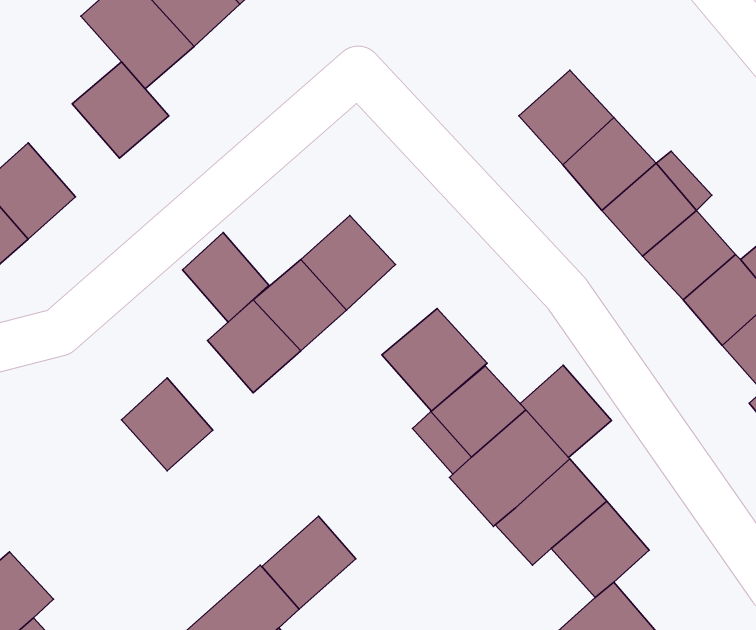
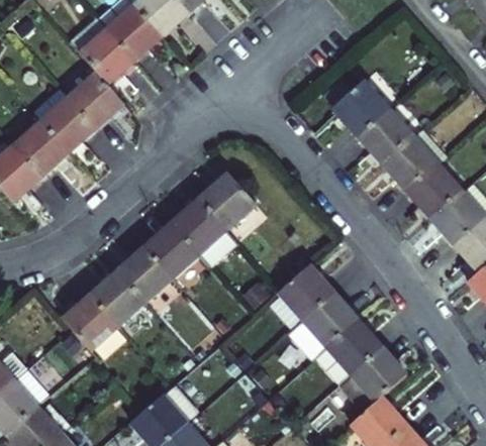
building: none -> [29,95,91,158]
building: [183,233,269,322] -> [119,244,171,298]
building: [382,309,487,411] -> none
building: [520,365,611,458] -> none
building: none -> [62,292,119,348]
building: [262,516,356,609] -> none

